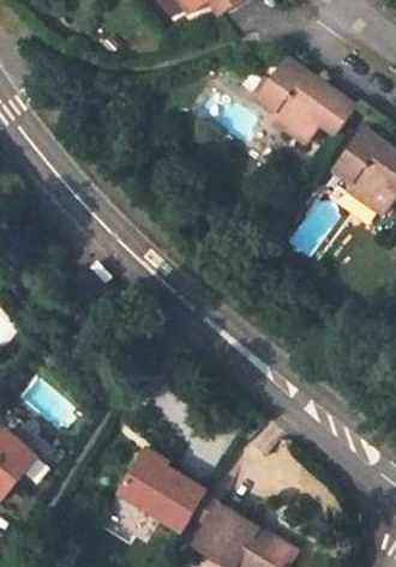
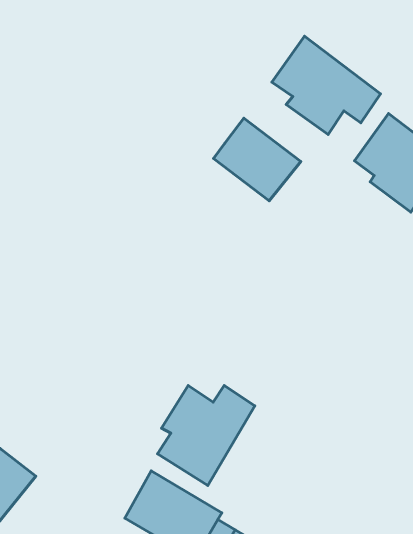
building: none -> [214,118,301,201]
building: none -> [157,385,255,485]

